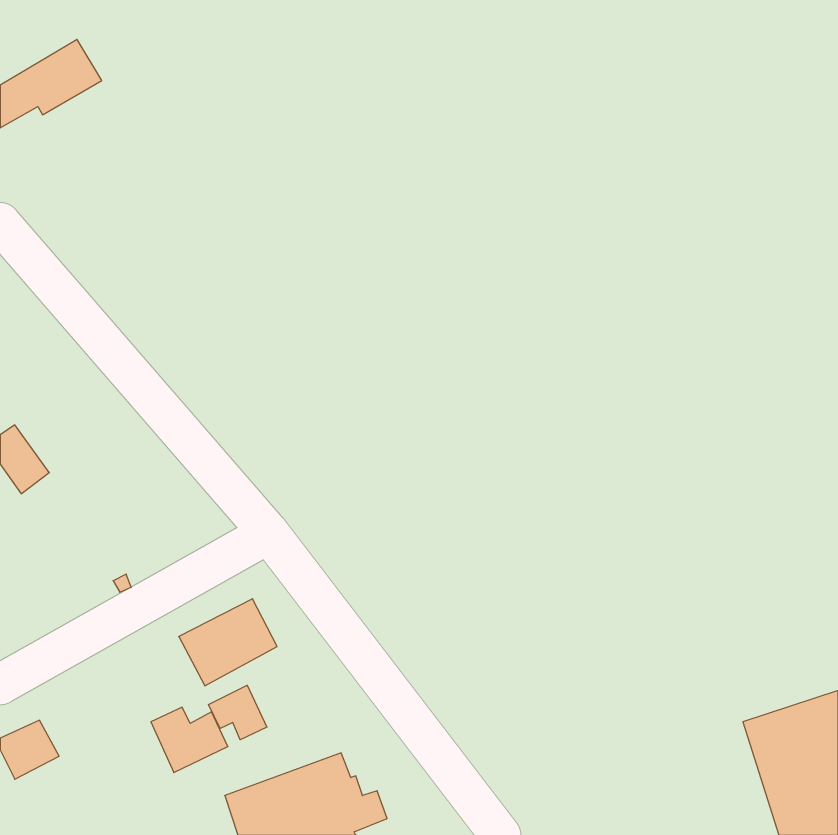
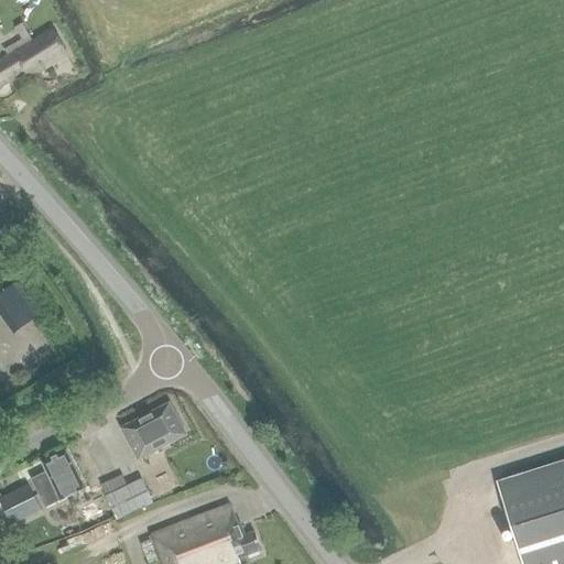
building: none -> [30,451,83,506]
building: [209,685,267,740] -> none

